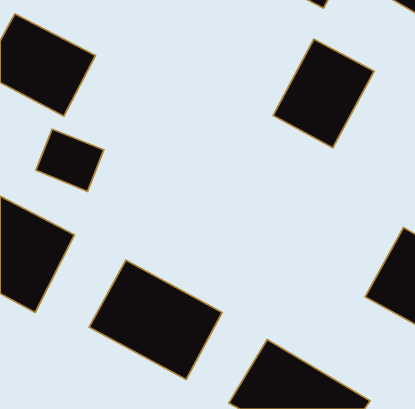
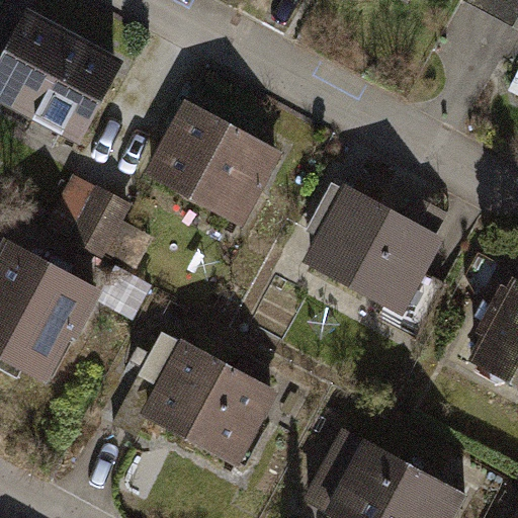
building: [273,39,374,148] -> none
building: none -> [144,100,283,228]
building: none -> [304,185,444,315]

